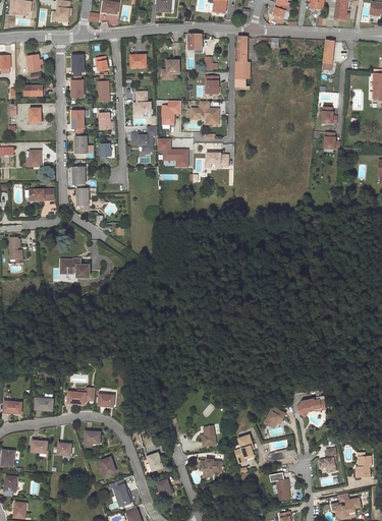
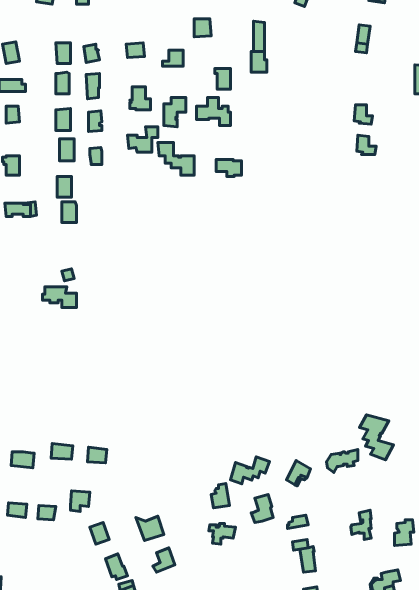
building: none -> [359,415,393,460]
building: none -> [230,457,270,484]

